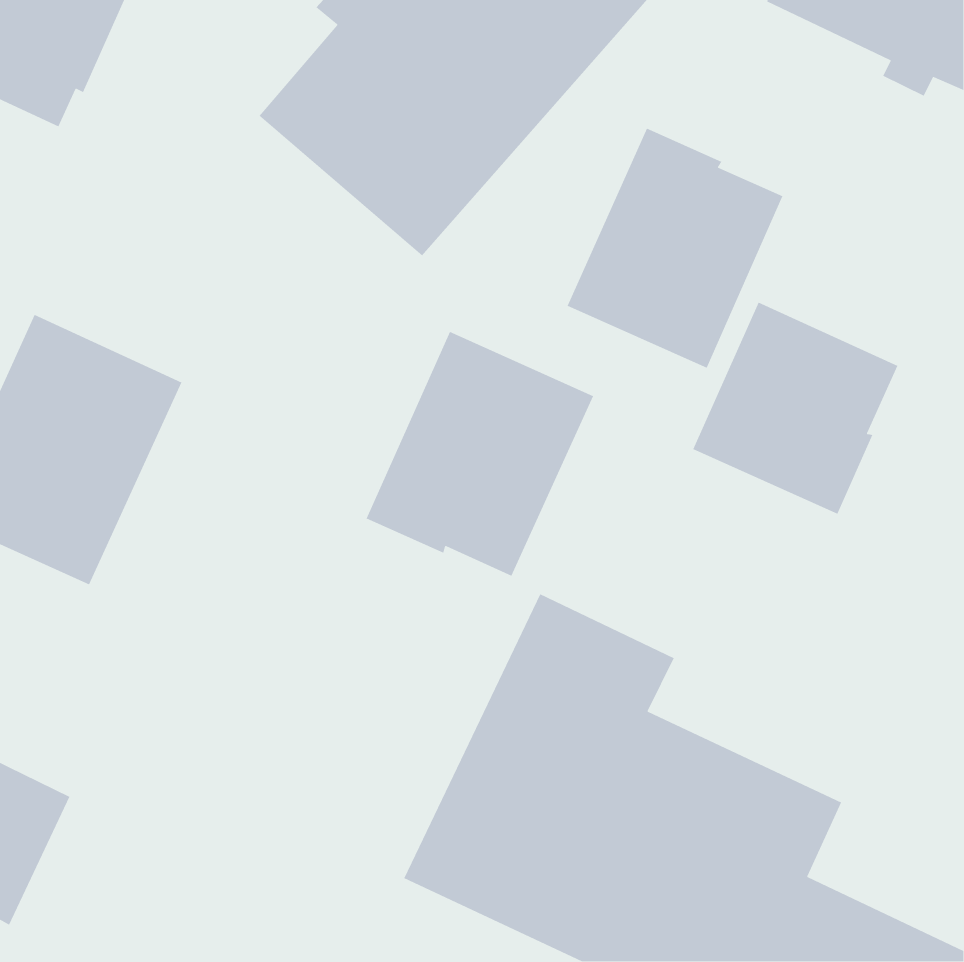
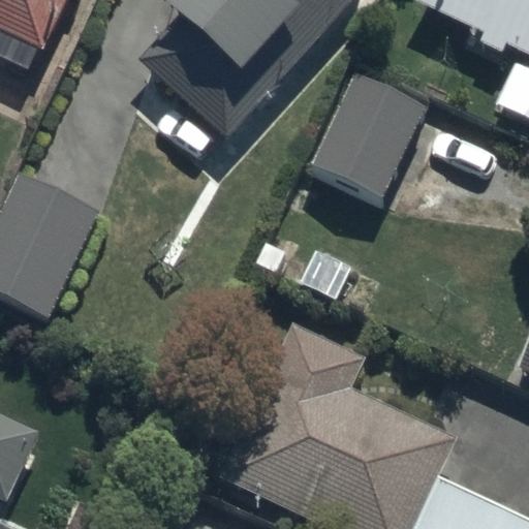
building: [692,302,899,515] -> none
building: [366,331,594,577] -> none

